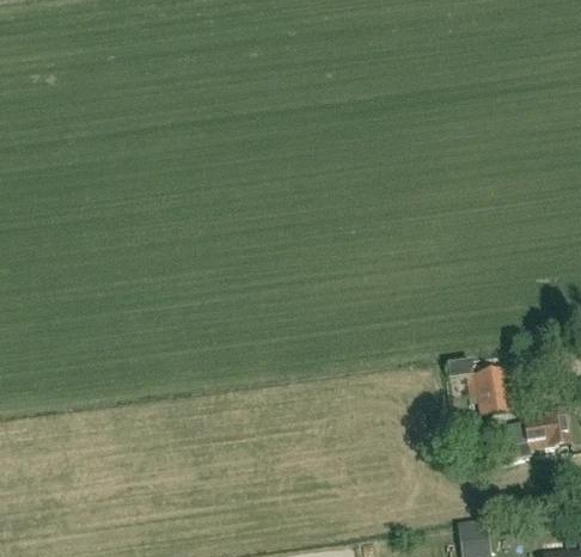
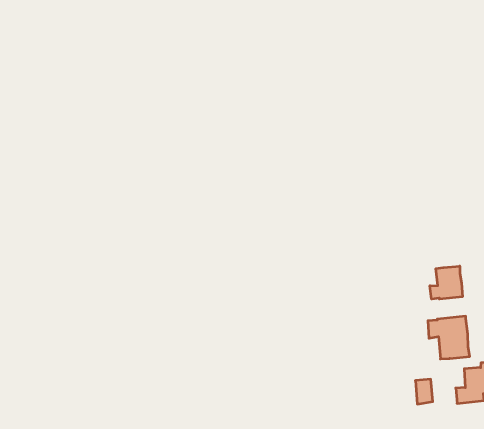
building: none -> [430,266,462,299]

